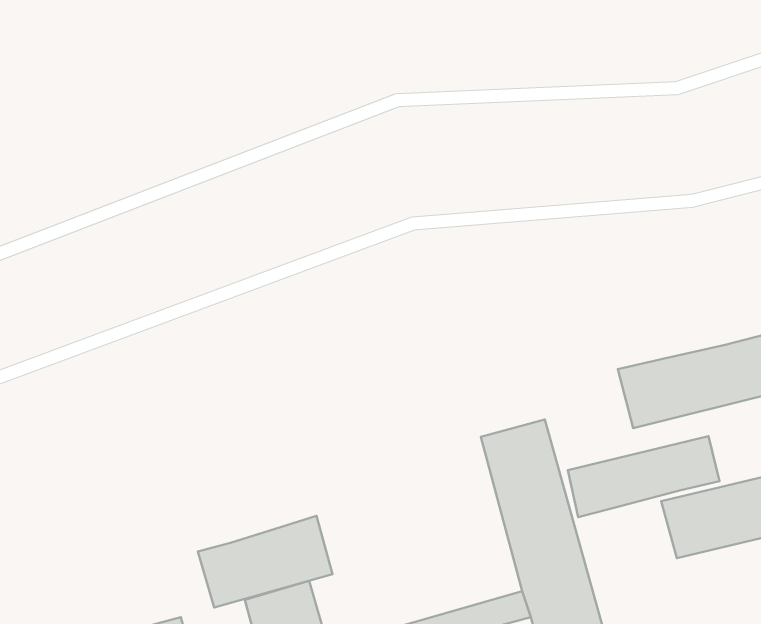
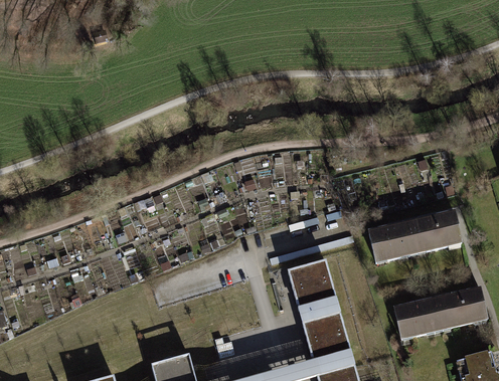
building: [568,436,720,517] -> none
building: [198,516,332,608] -> none

